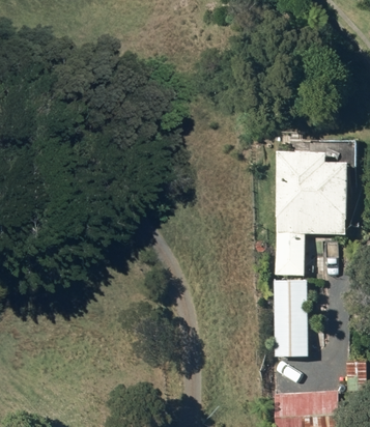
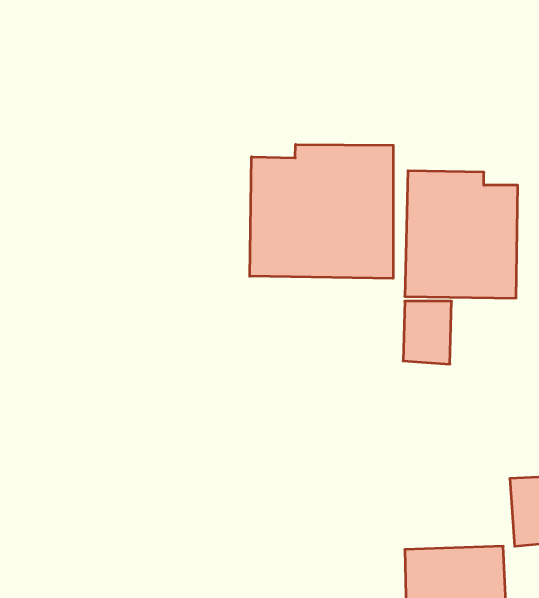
building: none -> [250,144,393,278]
building: [274,279,309,359] -> none

